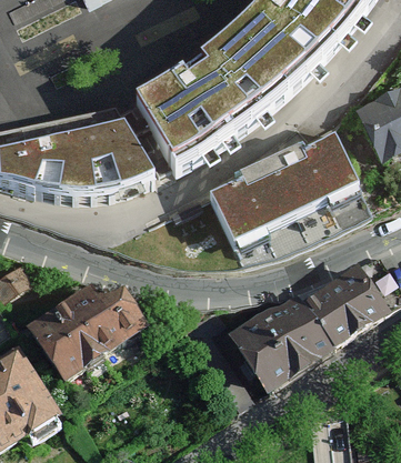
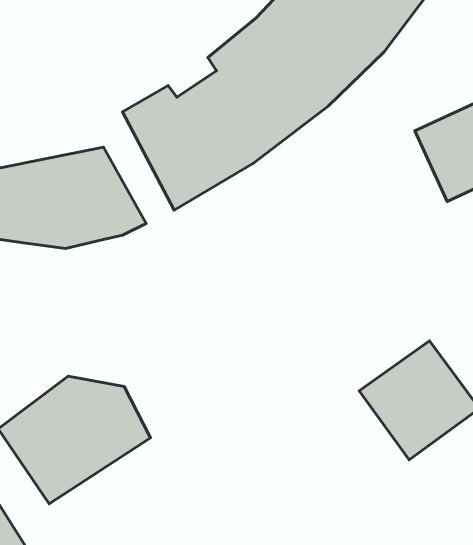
building: [207,127,369,254] -> none
building: [240,291,349,397] -> none

